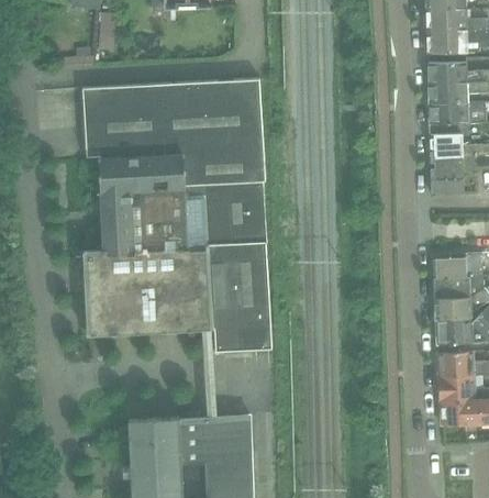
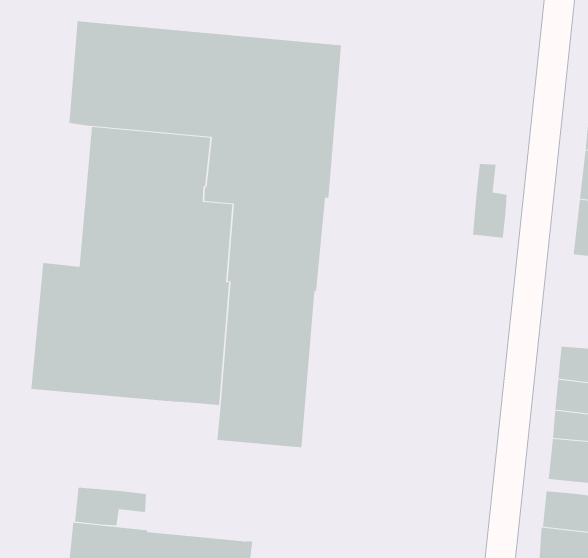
building: none -> [472,163,507,238]
building: none -> [75,487,147,526]

